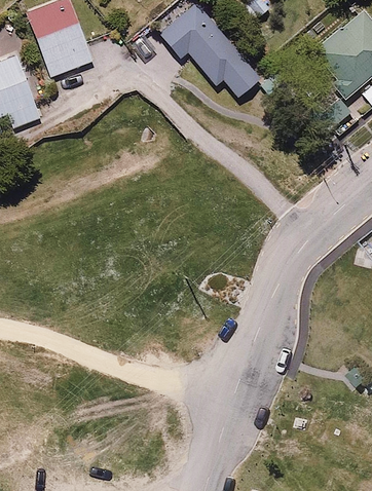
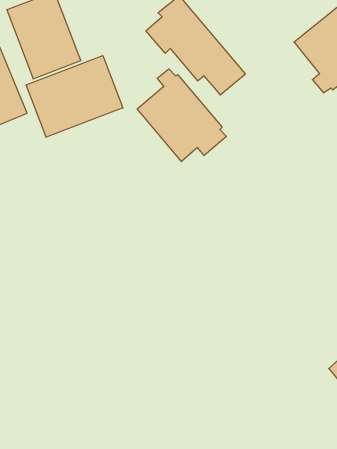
building: none -> [26,56,123,137]
building: none -> [137,69,226,162]

